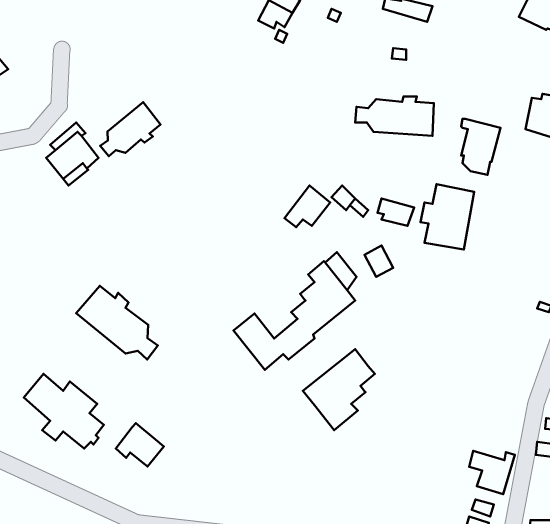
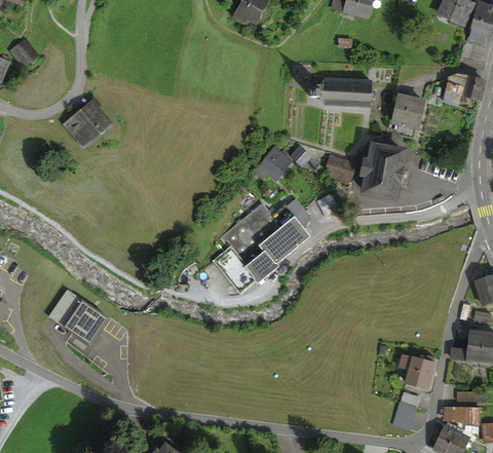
building: [100,102,160,156] -> none
building: [76,286,158,359] -> none
building: [303,349,375,430] -> [221,202,277,266]
building: [116,423,164,467] -> none

